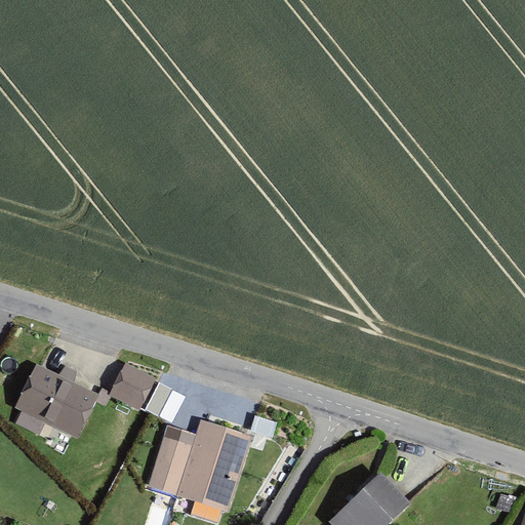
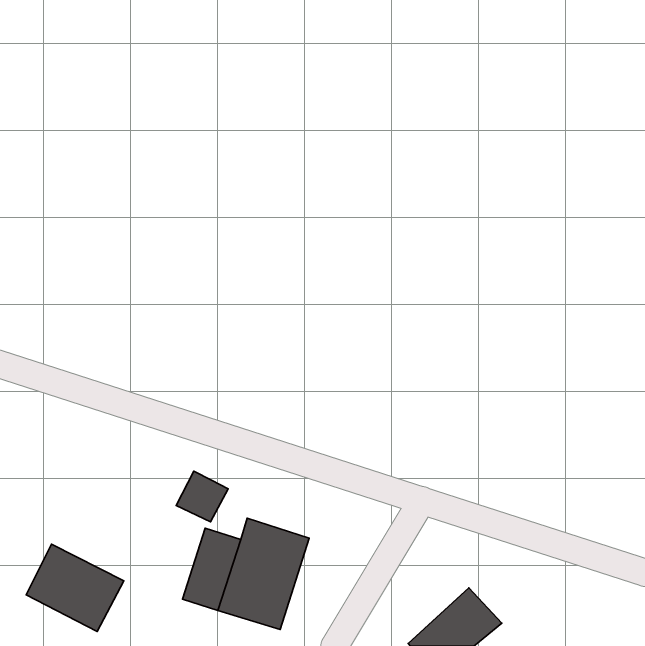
building: [109,364,153,408] -> none
building: [16,366,95,437] -> [26,544,124,631]

